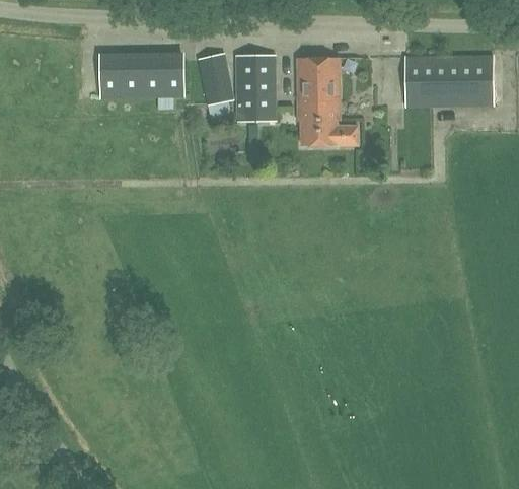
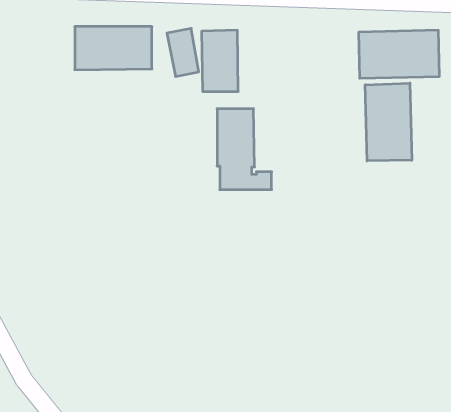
building: [298,59,357,146] -> [217,109,272,190]
building: none -> [365,83,412,161]

